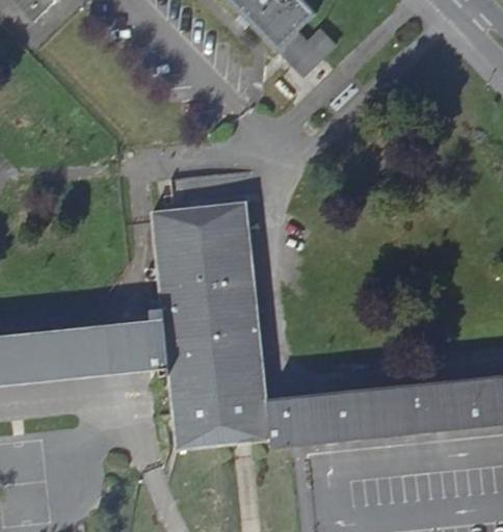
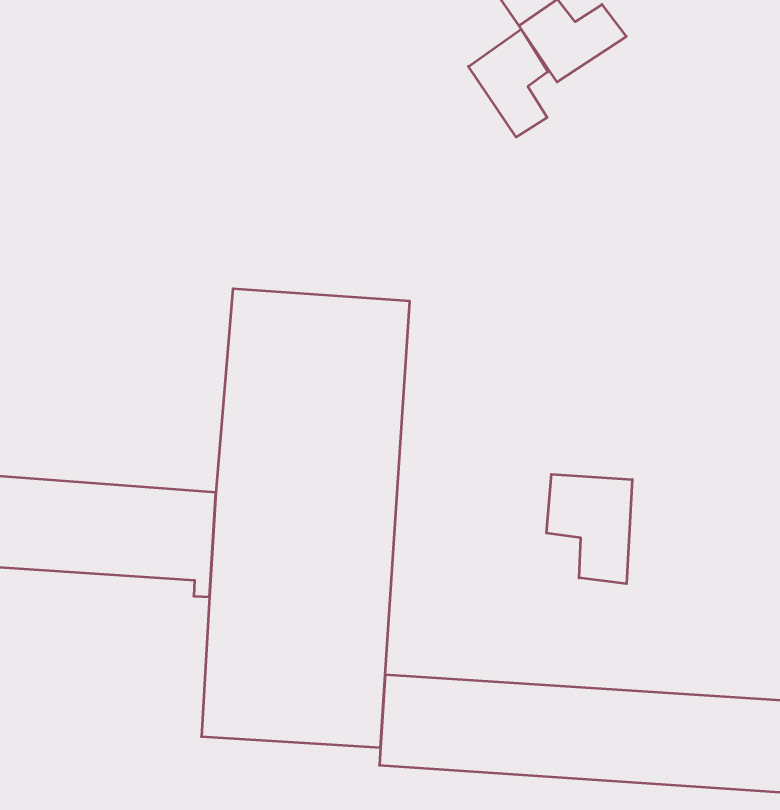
building: none -> [468,29,548,137]
building: none -> [546,474,632,584]

